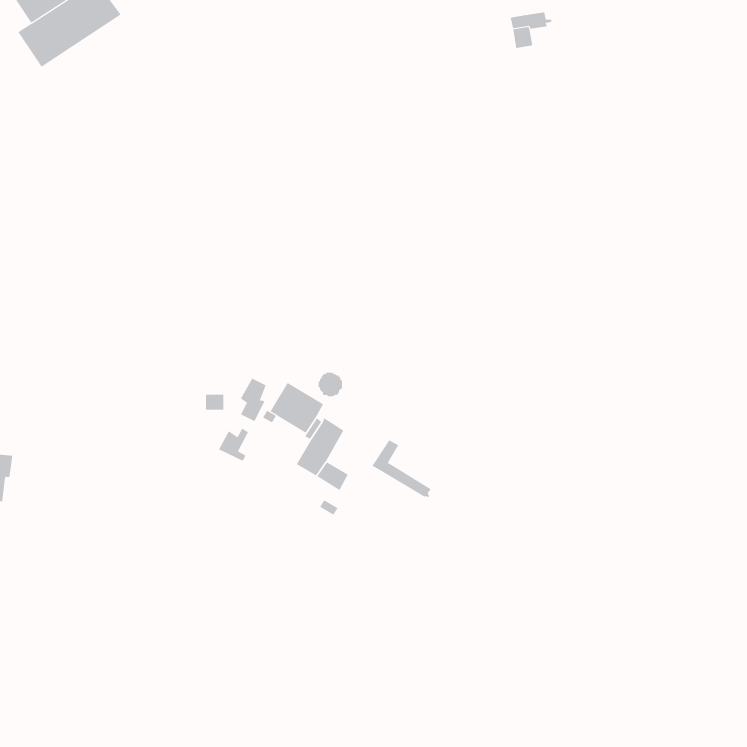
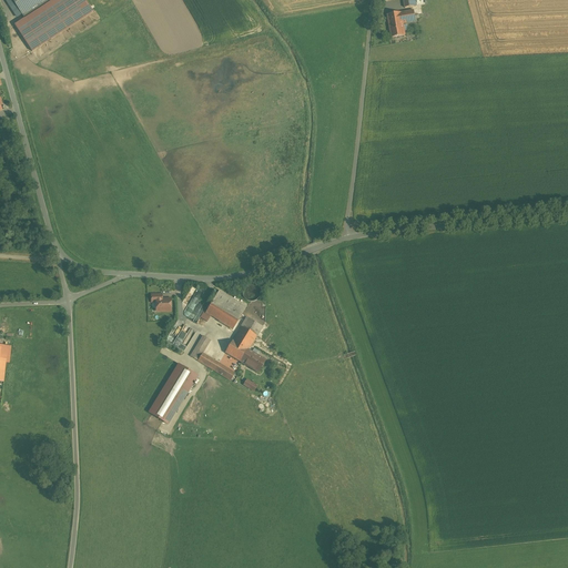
building: [371,439,431,498] -> [189,335,234,379]
building: none -> [149,362,197,424]

